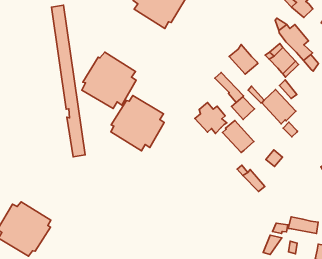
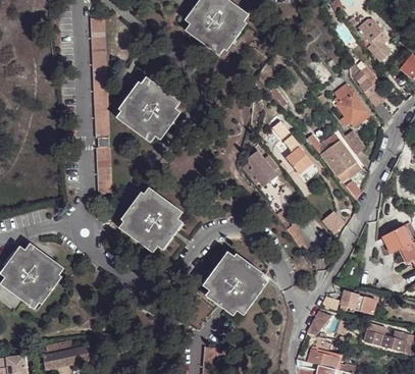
building: [229,45,258,74] -> none
building: [111,96,164,151] -> [118,190,181,255]
building: [223,120,254,153] -> none
building: none -> [201,254,267,317]

